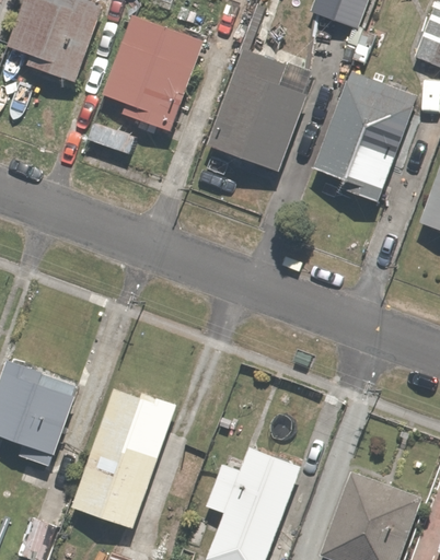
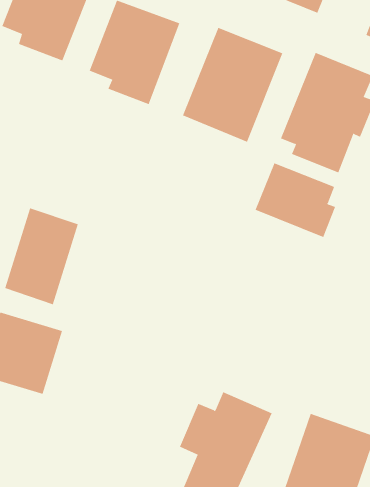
building: none -> [255,163,336,238]
building: none -> [4,207,79,305]
building: [71,387,178,529] -> none

